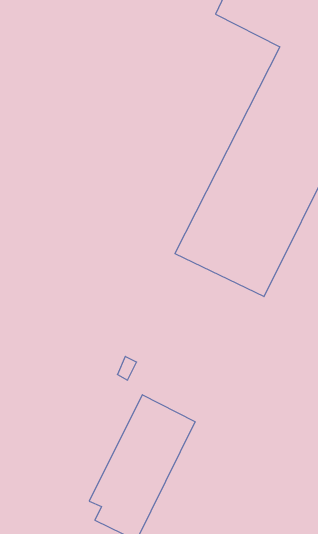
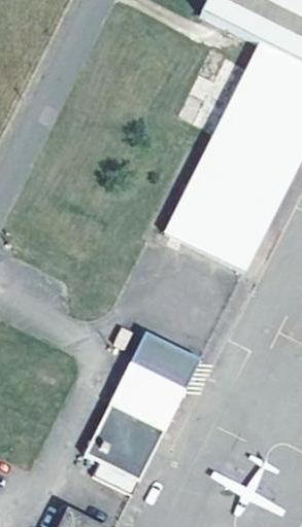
building: none -> [135,331,198,385]

